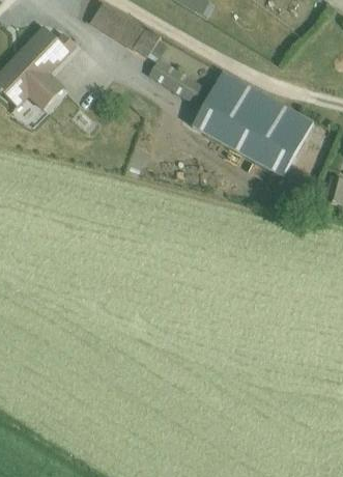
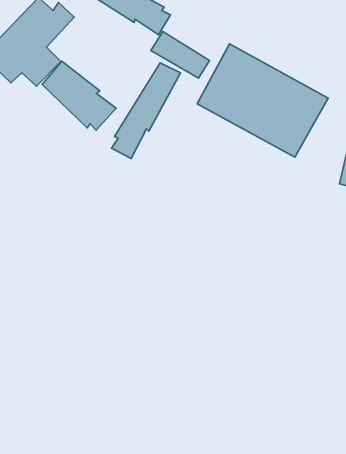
building: none -> [42,61,116,130]
building: none -> [111,63,181,159]

